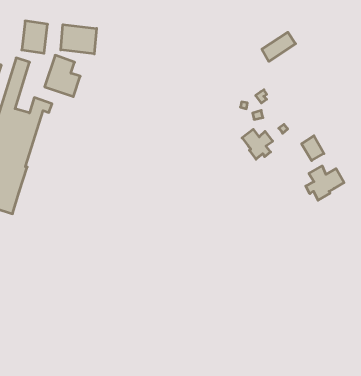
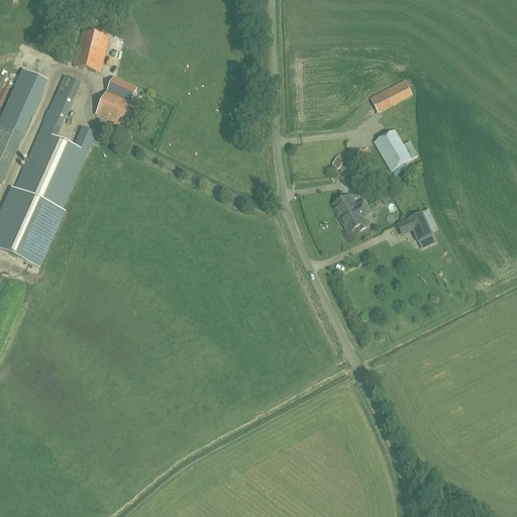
building: [61,25,97,54] -> none
building: none -> [373,128,418,171]
building: [306,166,344,200] -> none

